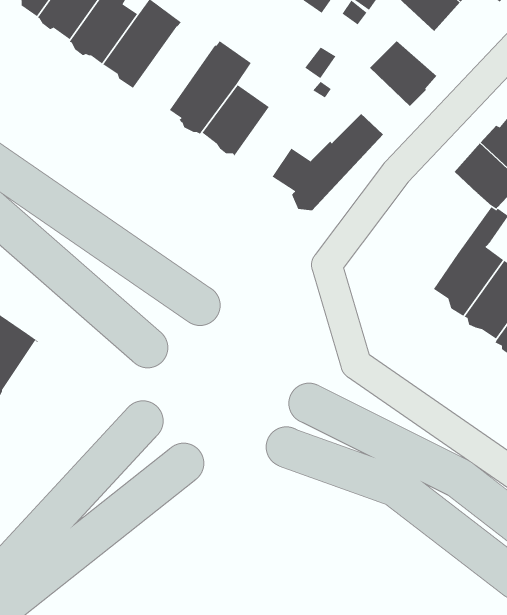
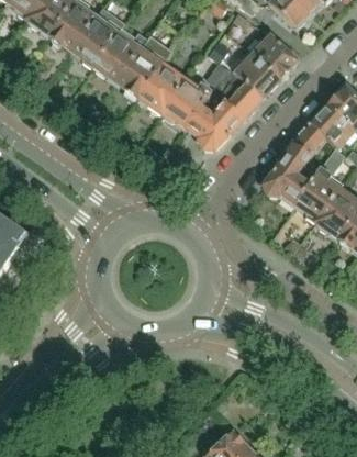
building: none -> [92,26,147,82]
building: none -> [234,54,279,99]
building: none -> [160,80,211,127]
building: none -> [264,124,324,203]

